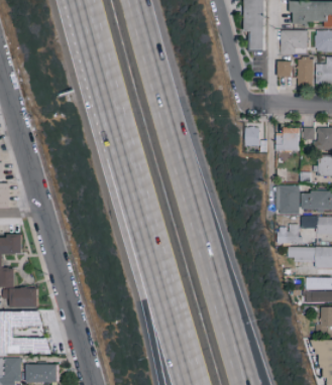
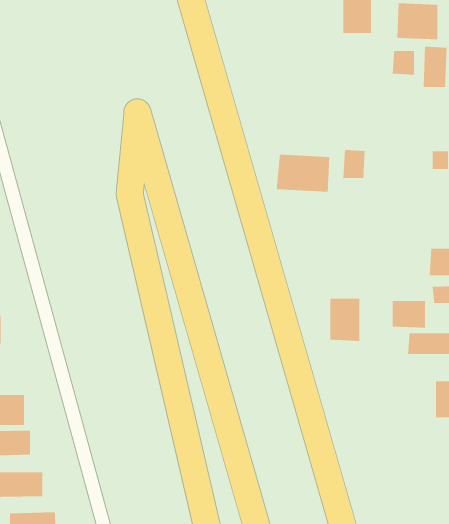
building: [275,128,298,151] -> none
building: none -> [276,154,330,193]
building: [279,186,299,215] -> [329,298,360,341]

